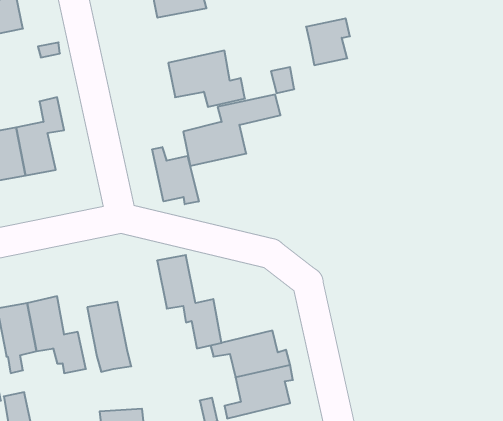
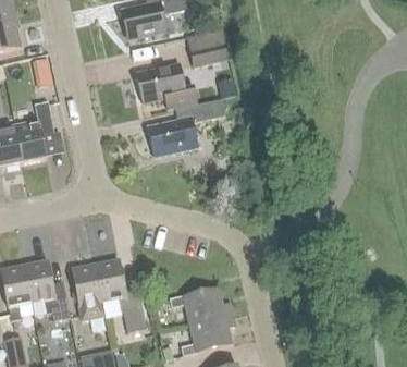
building: [306,18,350,65] -> [186,28,221,65]
building: [152,147,199,204] -> none
building: [157,255,222,348] -> [95,258,146,332]

